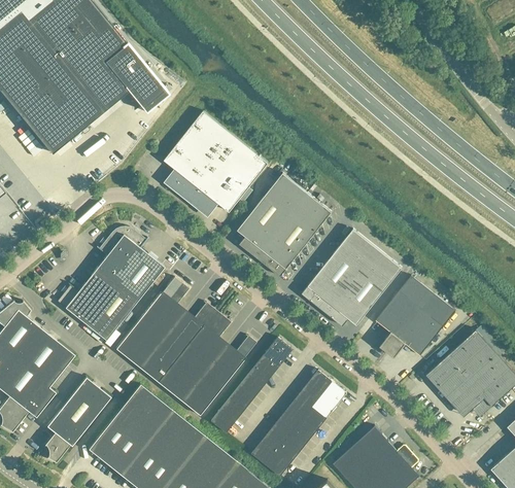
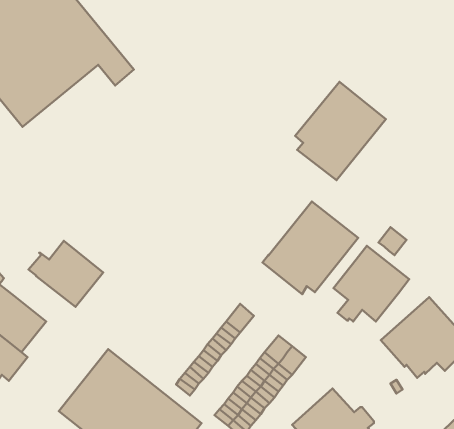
building: [164,112,268,215] -> none
building: [237,174,332,277] -> [295,82,386,180]
building: [94,228,164,305] -> none
building: none -> [379,227,407,255]
building: [115,278,256,416] -> none
building: [44,378,111,463] -> none

